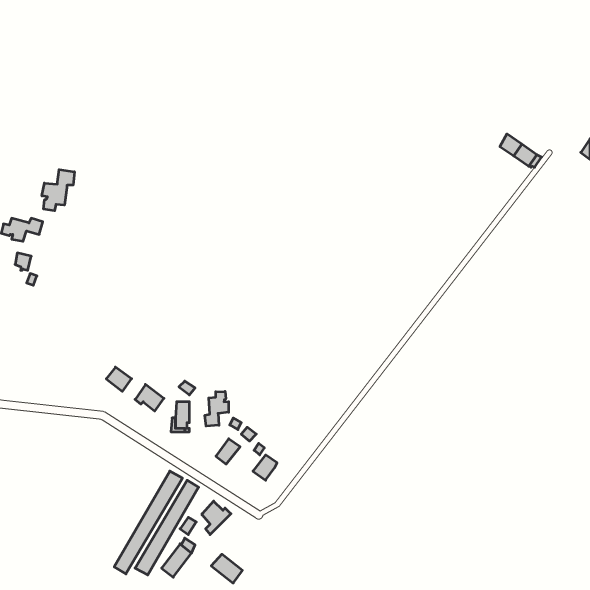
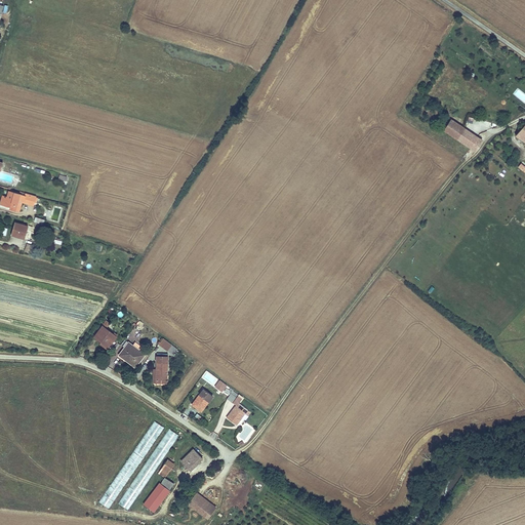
building: [42,170,74,211] -> none
building: [205,391,229,426] -> none

